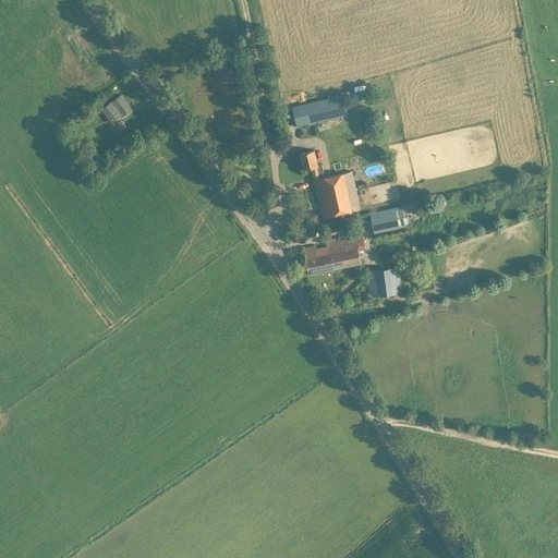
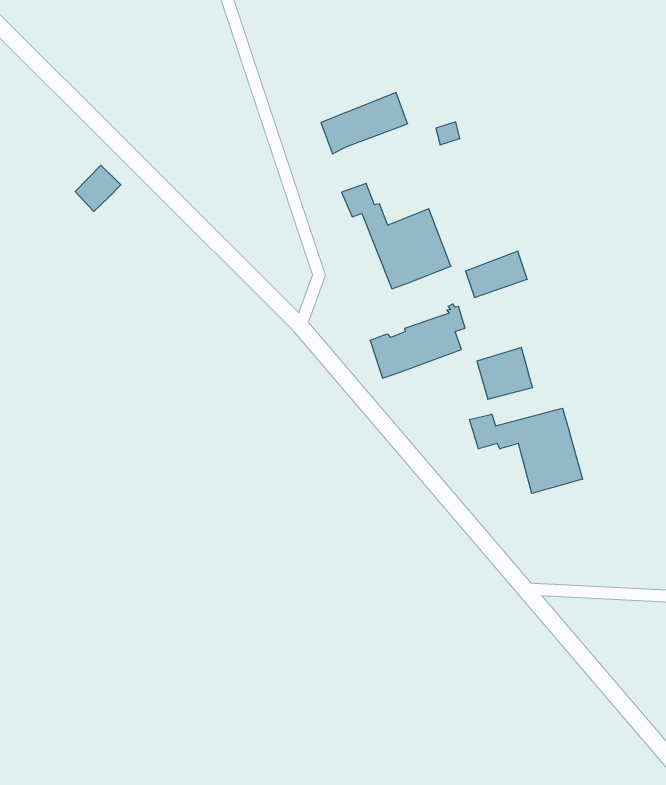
building: [101,96,131,124] -> [75,165,121,211]
building: none -> [470,408,583,493]

